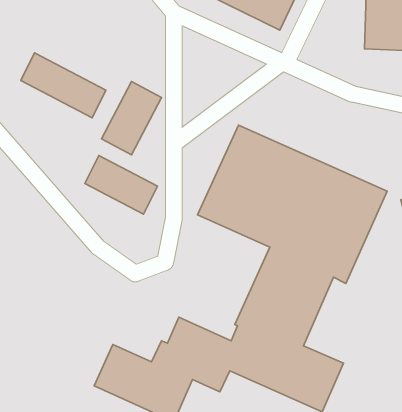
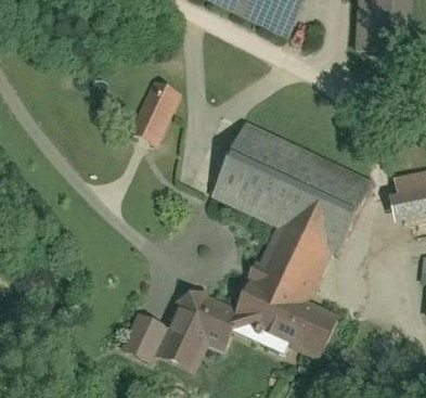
building: [21,53,106,118] -> none
building: [85,155,157,214] -> none

